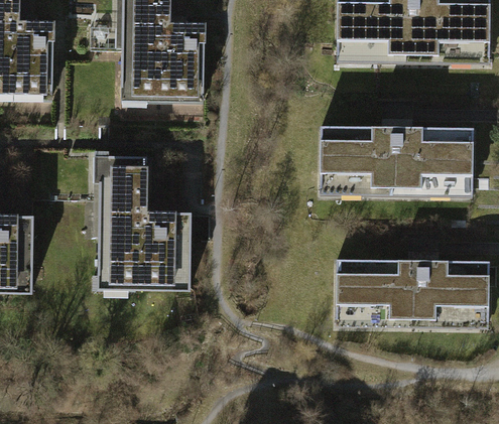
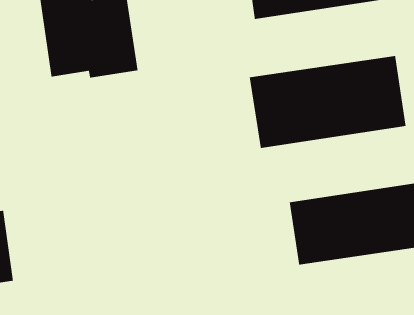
building: [87,154,192,293] -> none

